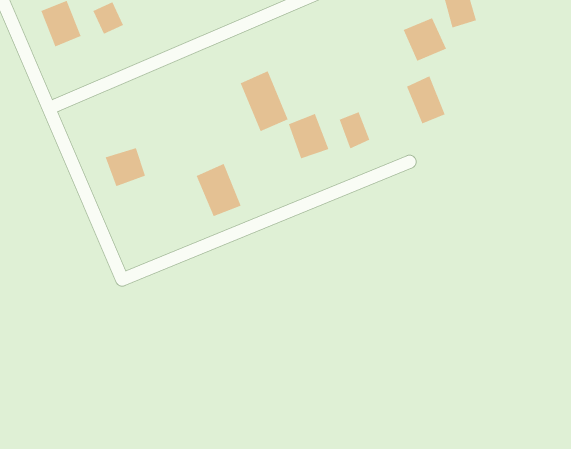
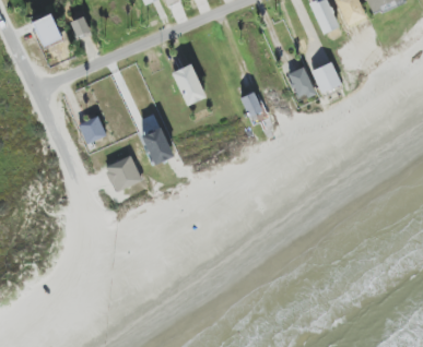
building: [403,17,447,61] -> [310,62,341,93]
building: [288,113,329,159] -> none
building: none -> [105,156,141,192]

